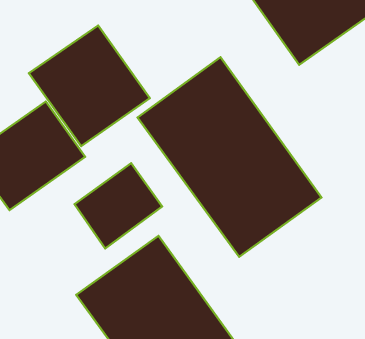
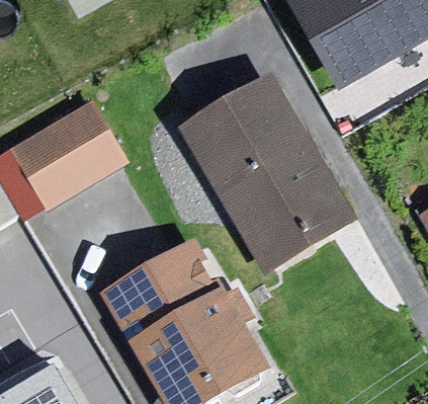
building: [29,26,150,146] -> none
building: [74,163,162,248] -> none

